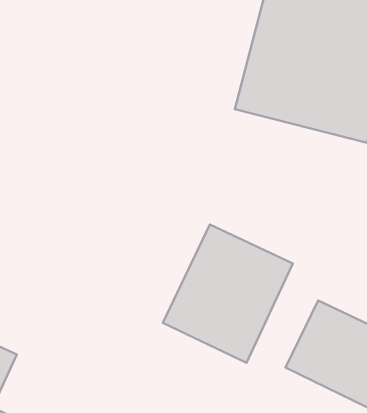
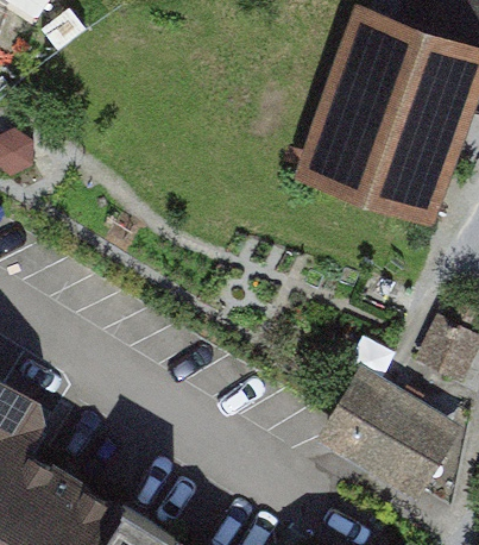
building: [163,225,293,363] -> none

